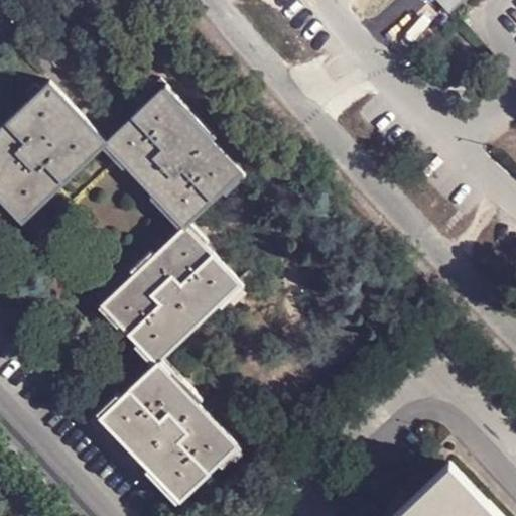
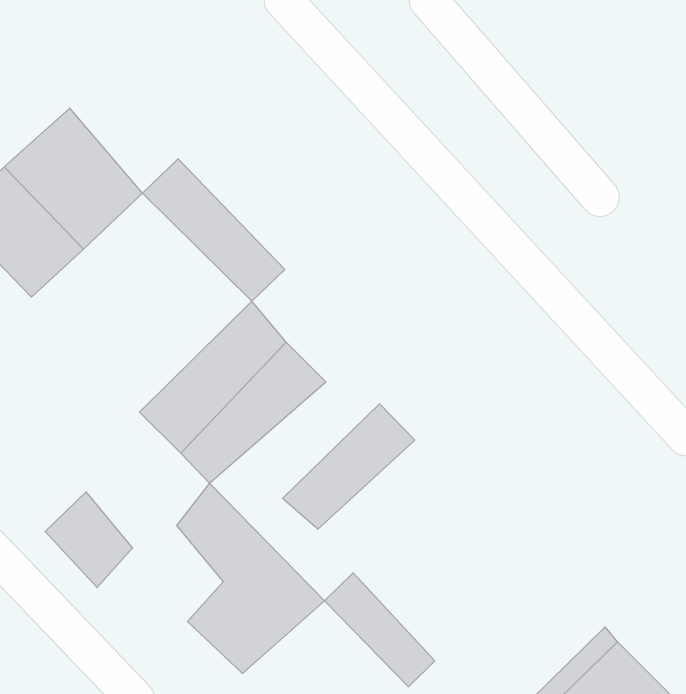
building: [131,91,241,203] -> none
building: none -> [283,404,415,529]
building: [100,391,164,462] -> [45,492,133,588]
building: none -> [325,573,435,687]

